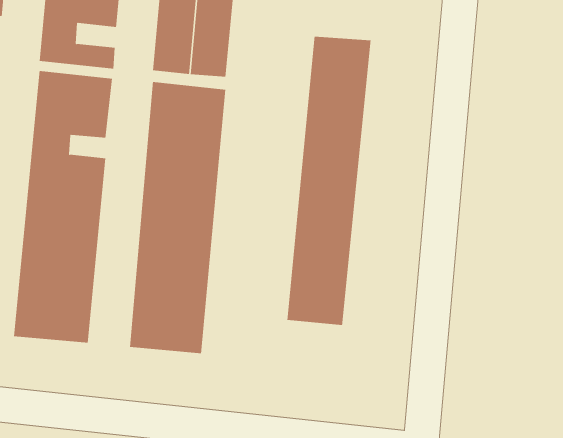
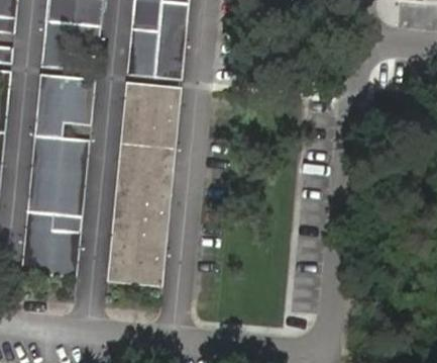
building: [287,36,371,326] -> none

